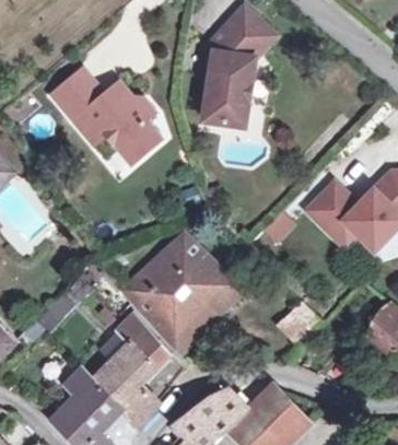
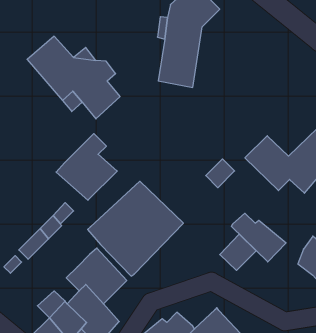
building: none -> [56,134,117,200]
building: none -> [231,213,286,262]

